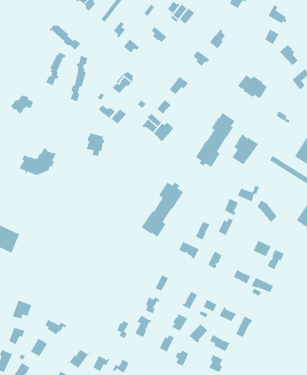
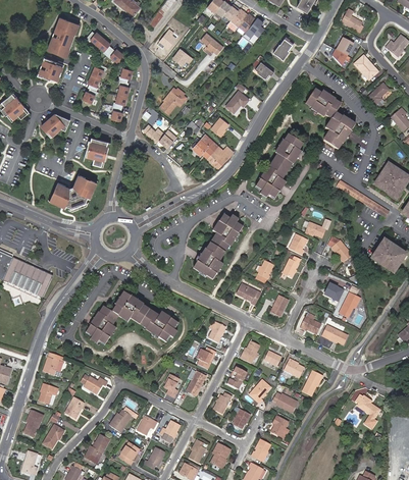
building: none -> [48,17,76,56]
building: none -> [37,57,63,81]
building: [86,133,105,157] -> [86,138,108,165]
building: [232,134,259,165] -> [323,112,355,149]
building: none -> [87,291,177,343]
building: none -> [356,395,380,430]

